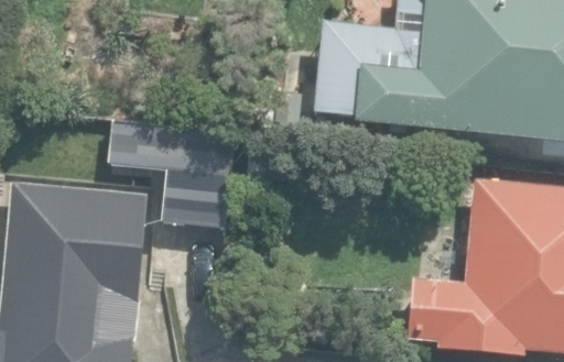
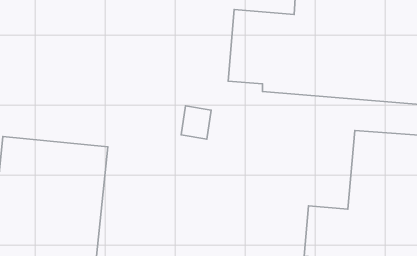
building: [112,119,238,228] -> none

